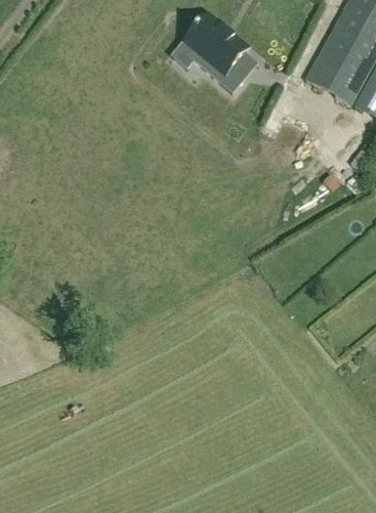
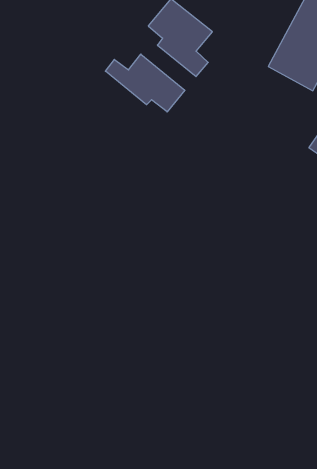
building: none -> [105,54,185,112]

